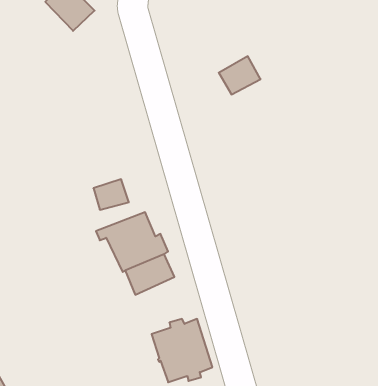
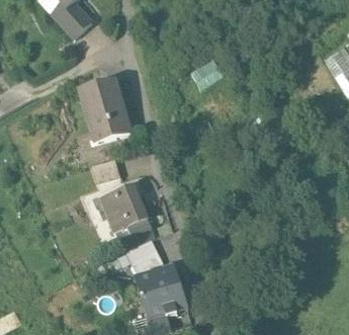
building: none -> [81,77,129,140]
building: none -> [126,237,163,272]

